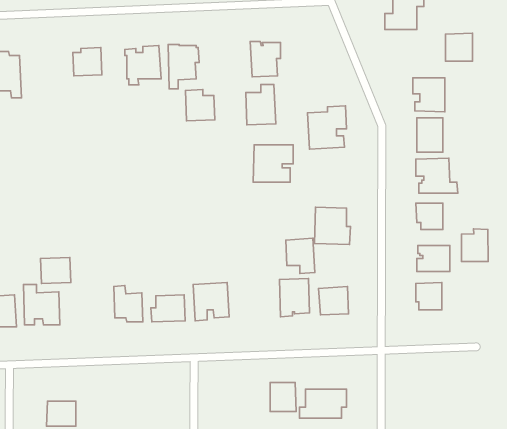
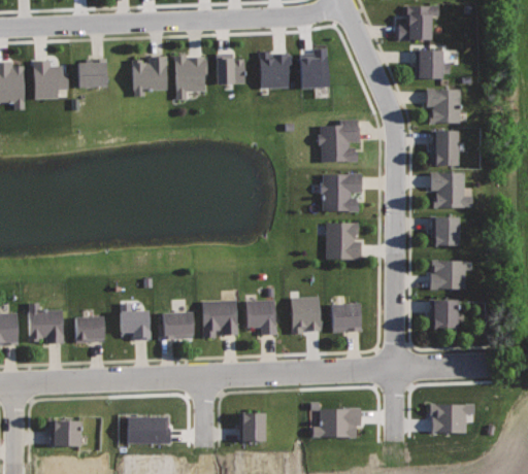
building: [445,33,473,61] -> [415,50,442,79]
building: none -> [32,60,68,100]
building: [246,85,276,125] -> [296,49,327,91]
building: [186,90,215,121] -> [216,54,245,86]
building: [253,145,293,182] -> [321,174,362,212]
building: [462,229,488,262] -> none
building: [286,238,315,273] -> [246,300,276,336]
building: [41,257,71,283] -> [74,316,105,343]
building: [270,383,296,412] -> [238,413,265,443]
building: none -> [426,405,472,436]
building: none -> [126,418,166,445]

